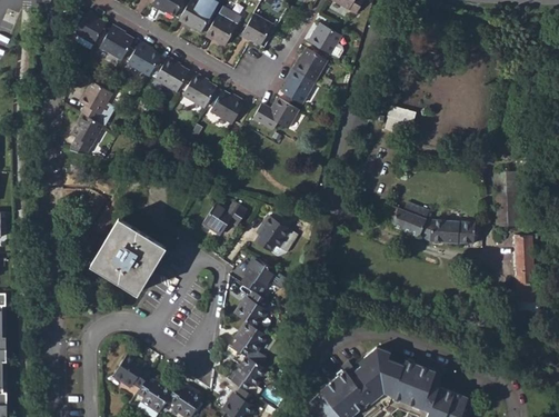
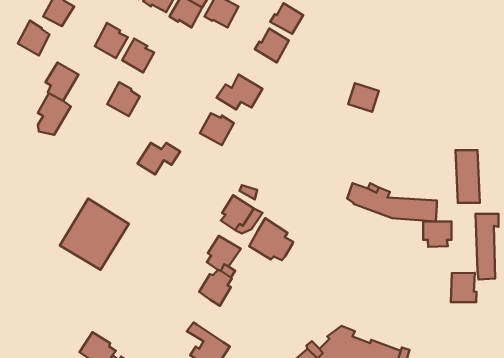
building: [101,27,133,62] -> [18,20,50,55]
building: [280,69,312,103] -> none
building: [181,73,214,108] -> [107,82,140,116]
building: [208,91,242,123] -> [200,113,234,145]
building: [202,203,246,236] -> [138,143,180,175]
building: none -> [249,218,293,260]
building: none -> [423,221,451,247]
building: none -> [451,273,476,302]
building: [231,322,266,366] -> none

